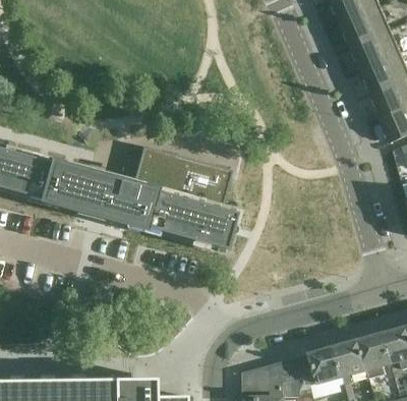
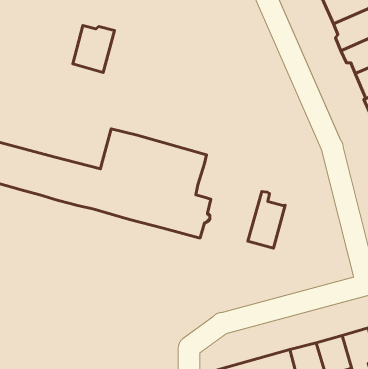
building: none -> [73,26,114,73]
building: none -> [248,191,285,248]

